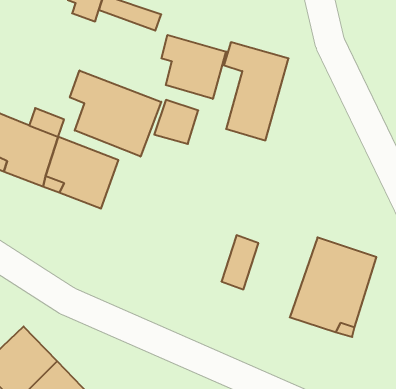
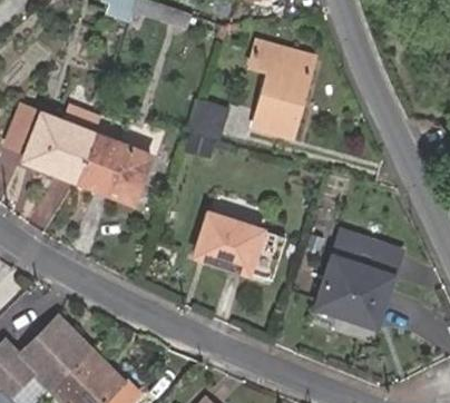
building: [161,35,226,99] -> none
building: [70,70,161,157] -> none
building: none -> [196,212,264,273]

